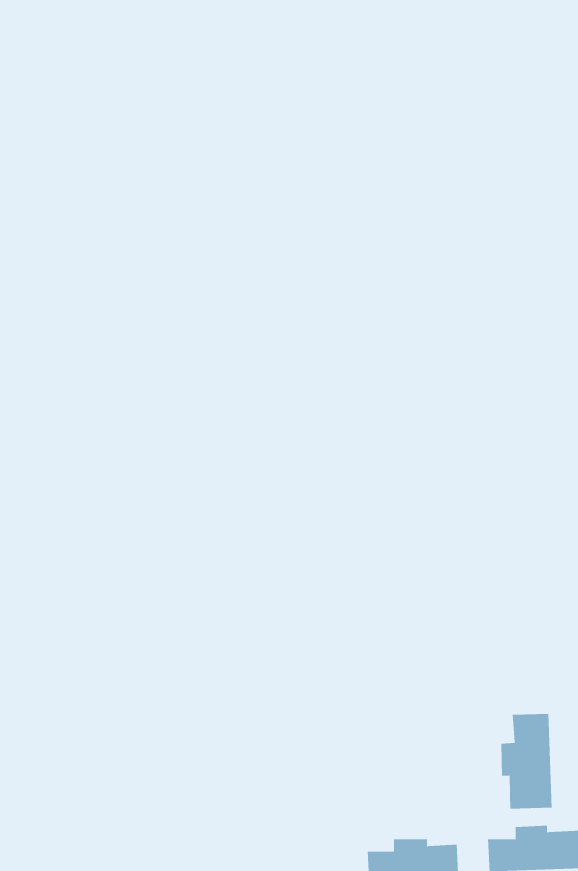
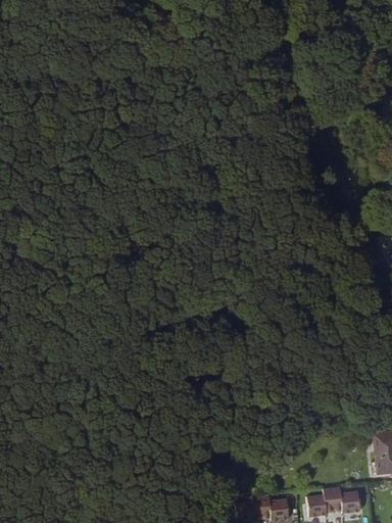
building: [501,713,552,810] -> none

